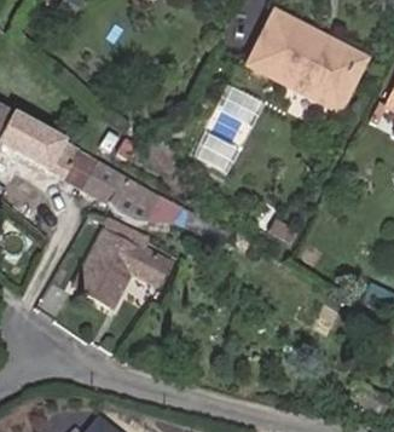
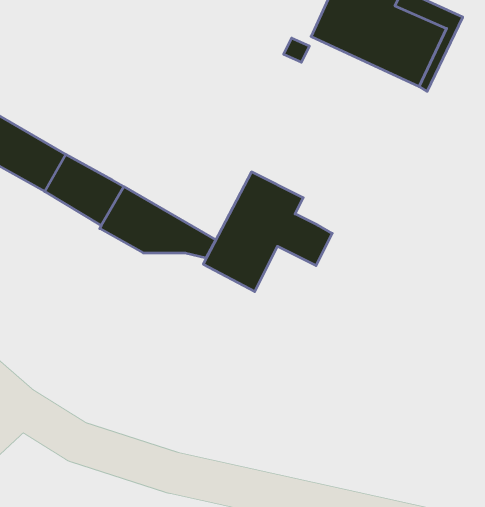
building: [68,223,164,312] -> [203,172,332,292]

